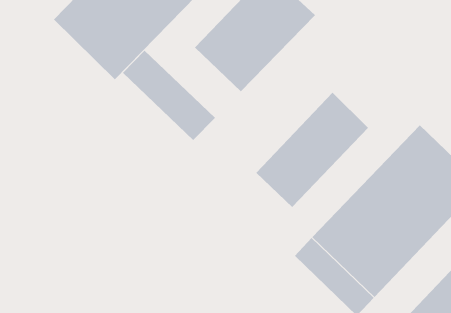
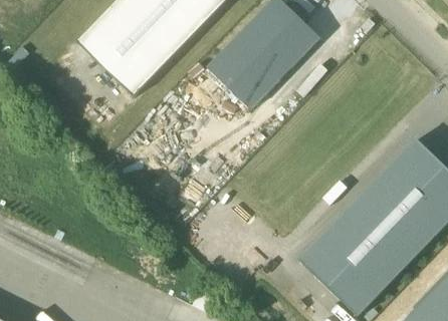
building: [122,50,216,141] -> none
building: [256,92,369,208] -> none

